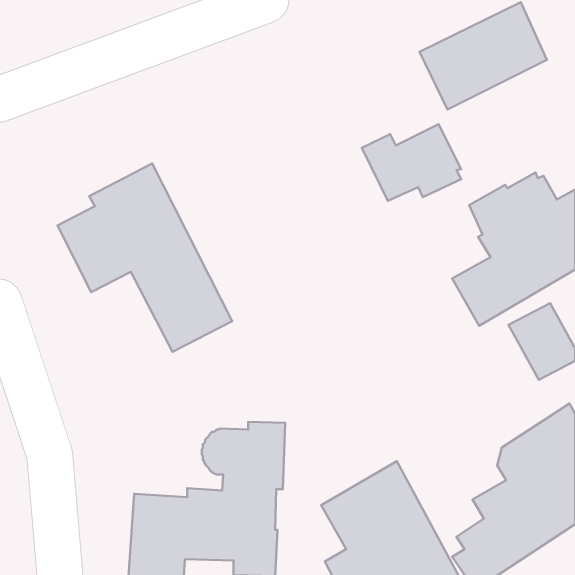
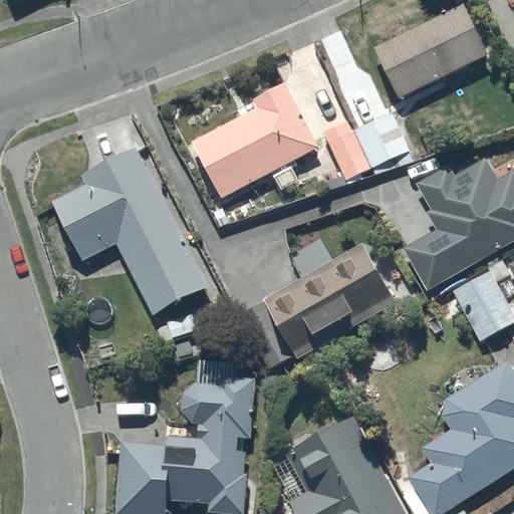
building: none -> [193,82,317,197]
building: none -> [238,243,397,371]

